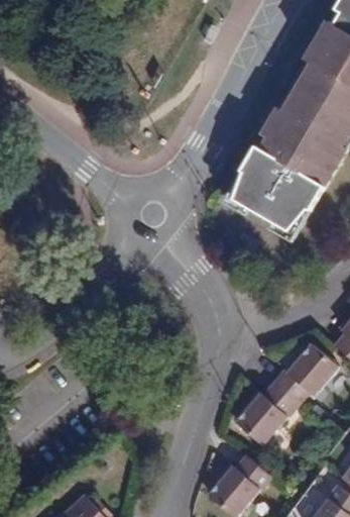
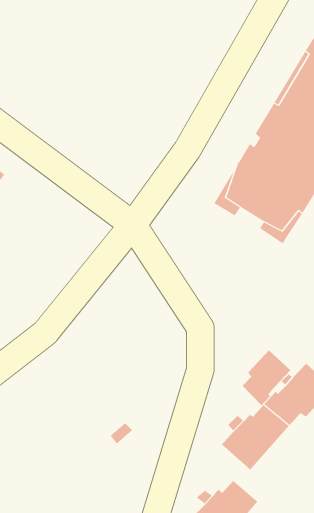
building: none -> [242,349,291,406]

